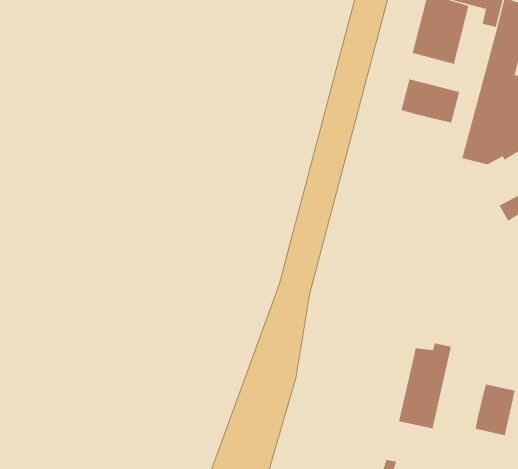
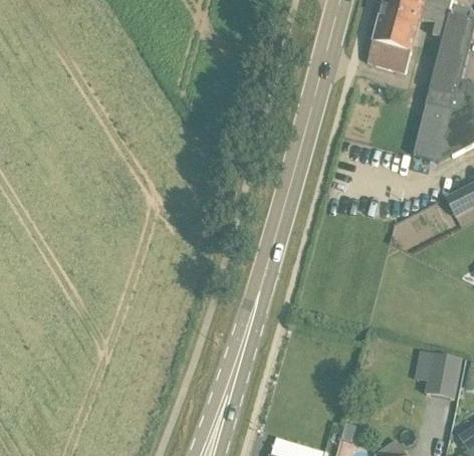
building: [401,78,460,124] -> none
building: [398,342,452,429] -> none

